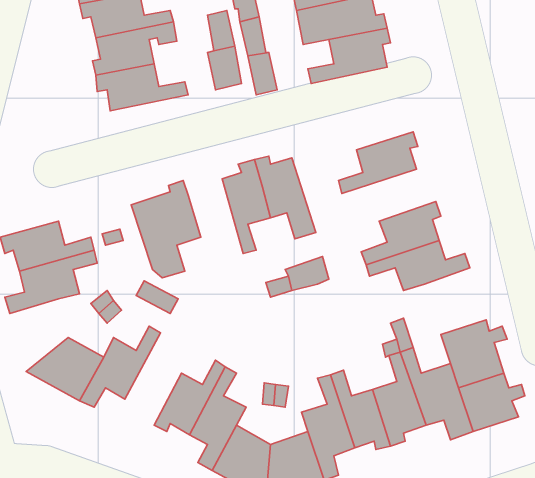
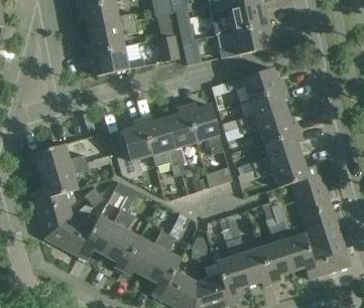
building: none -> [227,66,285,99]
building: none -> [241,111,299,143]
building: none -> [142,115,183,175]
building: none -> [292,172,337,213]
building: none -> [34,191,71,237]
building: none -> [106,212,141,270]

